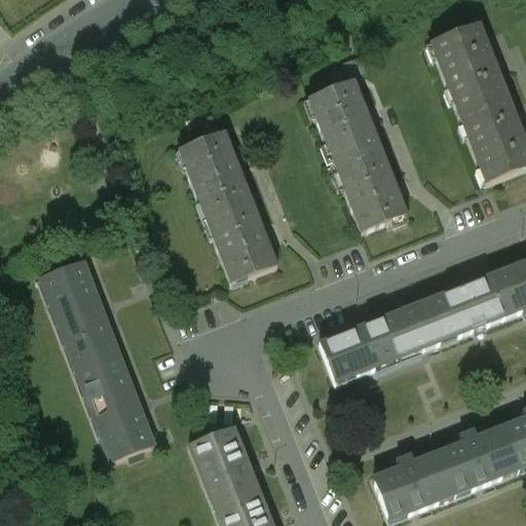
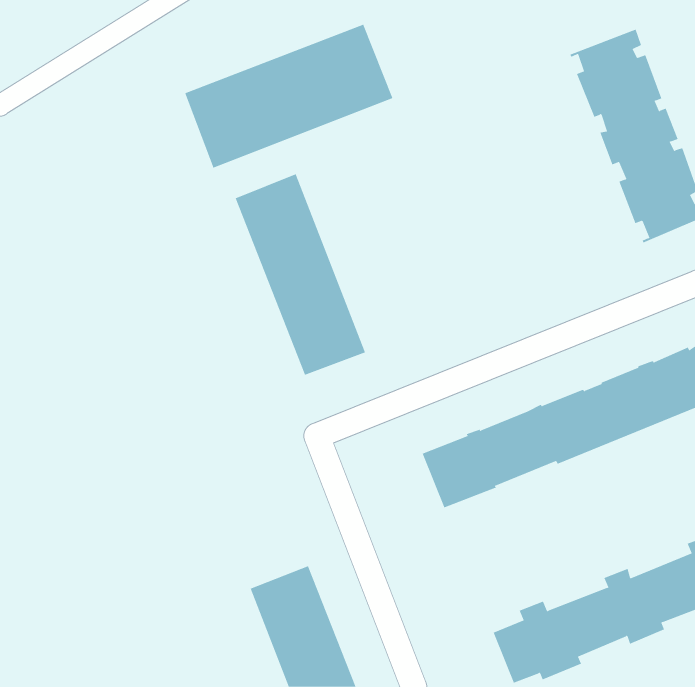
building: none -> [184,24,393,169]
building: [309,79,408,231] -> none
building: [42,261,154,460] -> none

